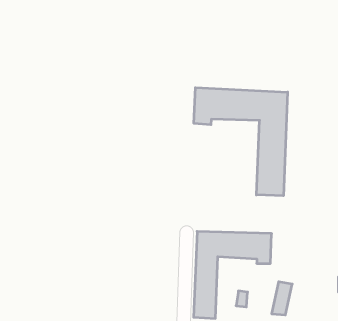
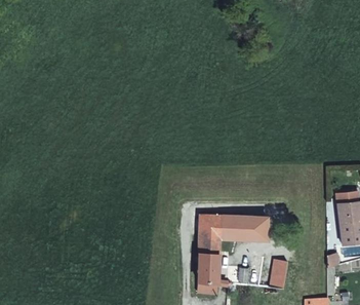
building: [194,88,288,196] -> none

